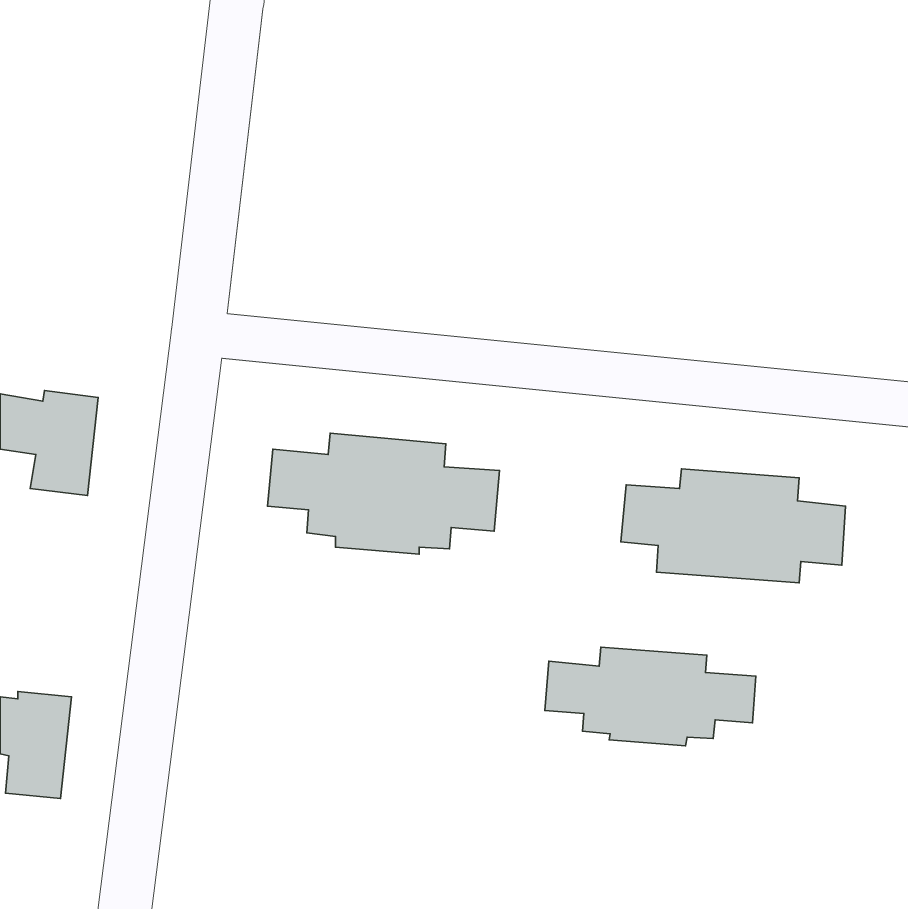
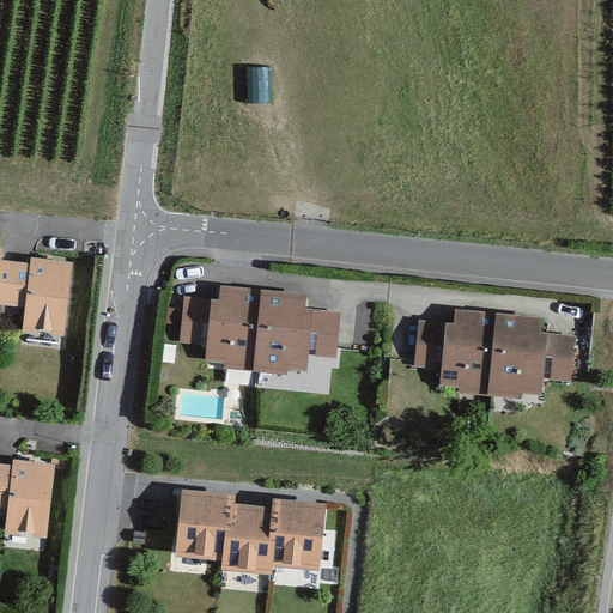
building: [545,647,756,746] -> none
building: none -> [174,488,326,572]

